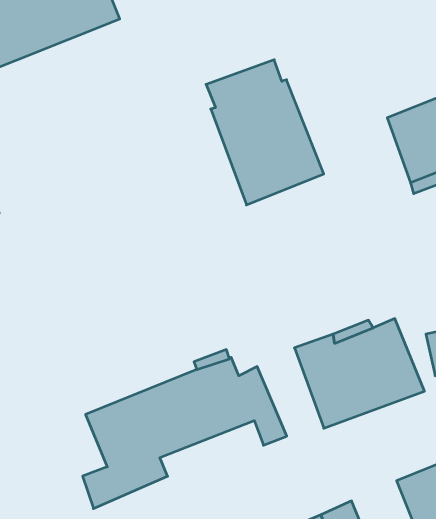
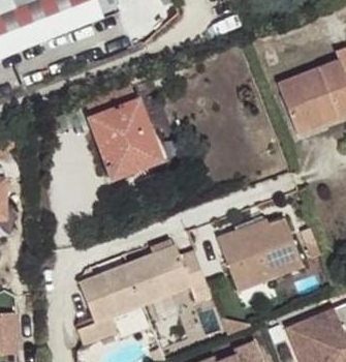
building: [206,60,324,205] -> [85,84,163,181]

